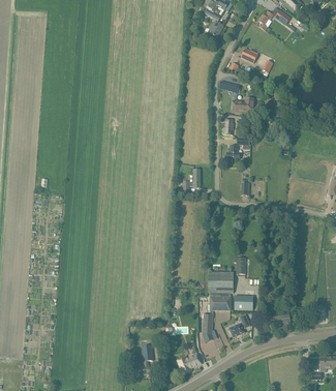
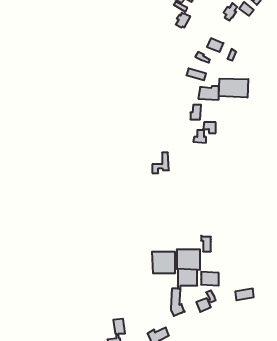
building: none -> [219,79,248,98]
building: none -> [152,252,175,273]

